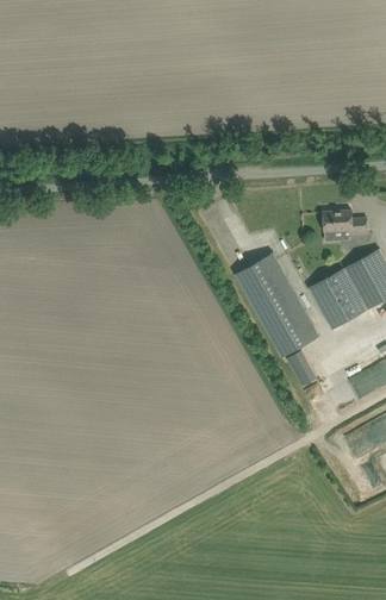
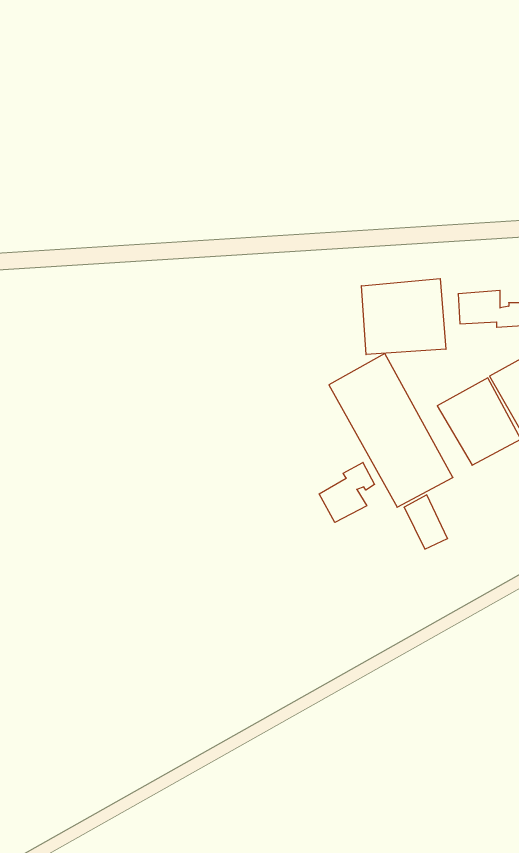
building: none -> [361,279,446,355]
building: none -> [319,462,375,522]

